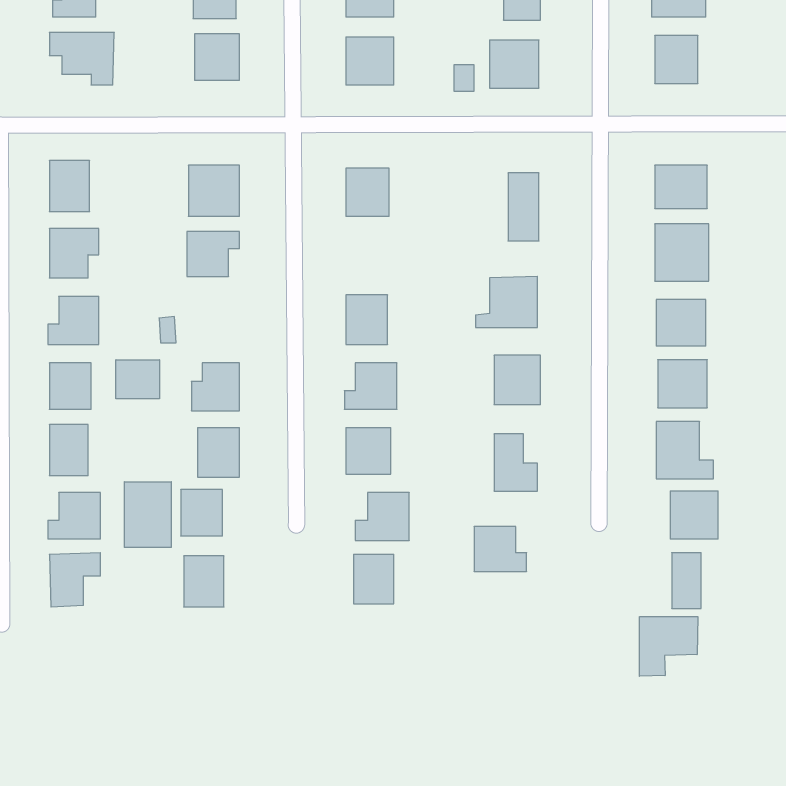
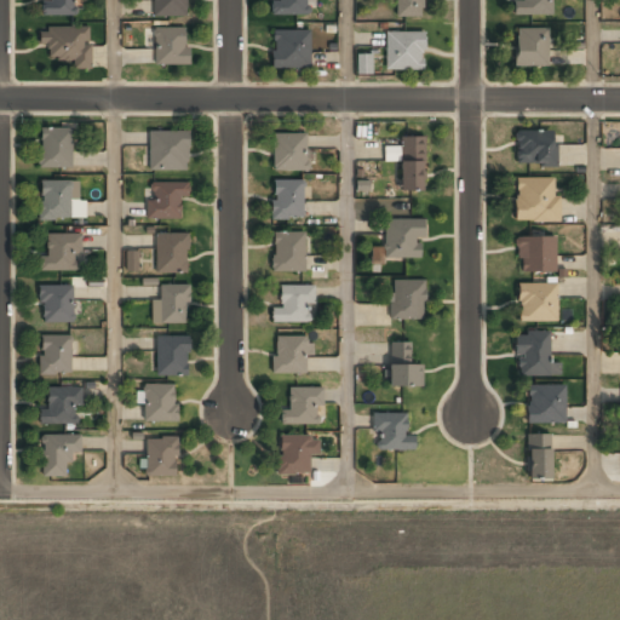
building: none -> [274,179,304,218]
building: none -> [157,232,189,271]
building: [116,360,159,399] -> none
building: [124,482,171,547] -> none
building: [639,617,698,676] -> none

